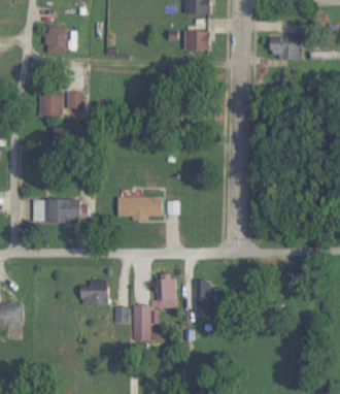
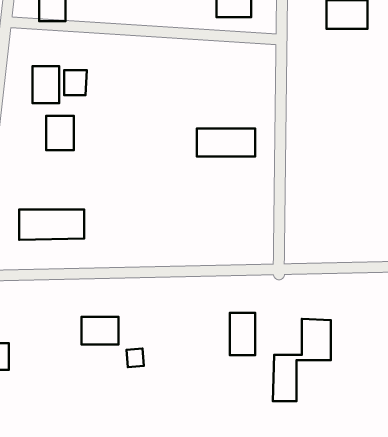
building: none -> [46,116,74,150]
building: [116,196,162,218] -> [197,129,255,156]
building: [131,276,176,340] -> [273,319,331,401]

